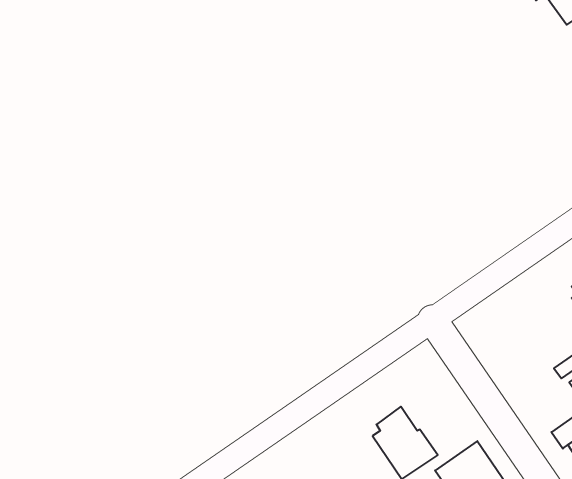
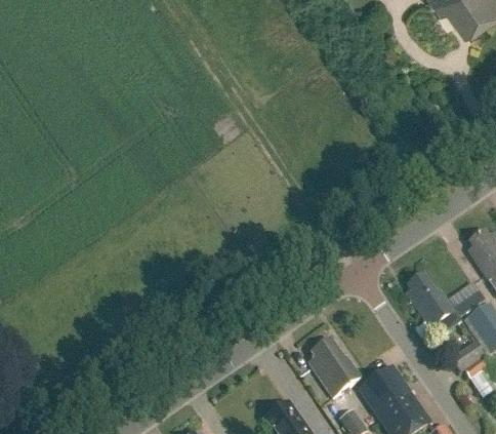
building: none -> [406,273,460,332]

